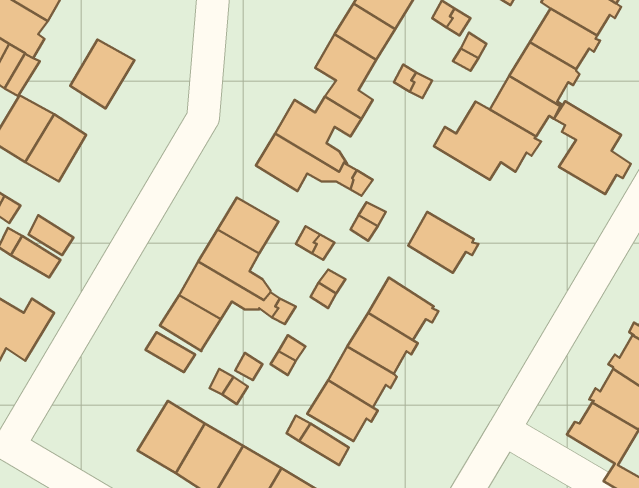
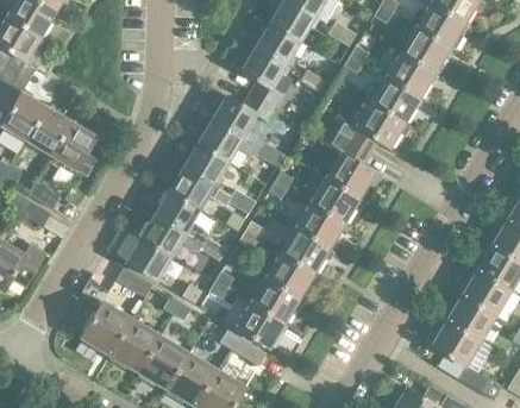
building: [70,39,134,108] -> [51,121,99,172]
building: [554,101,631,194] -> [321,130,378,199]
building: none -> [183,144,228,186]
building: none -> [296,203,347,249]
building: none -> [81,301,132,356]

